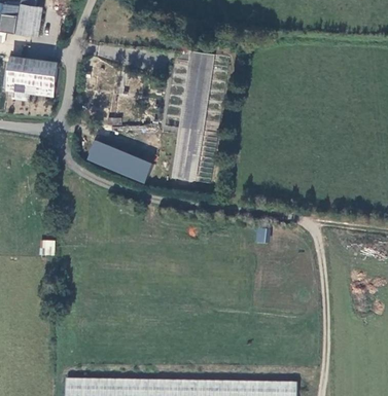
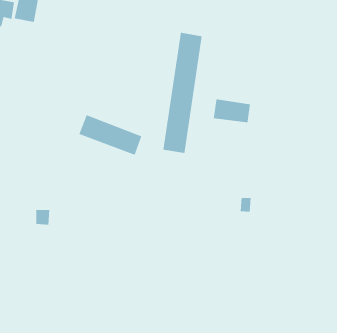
building: [7,60,57,96] -> none
building: none -> [213,99,250,123]

